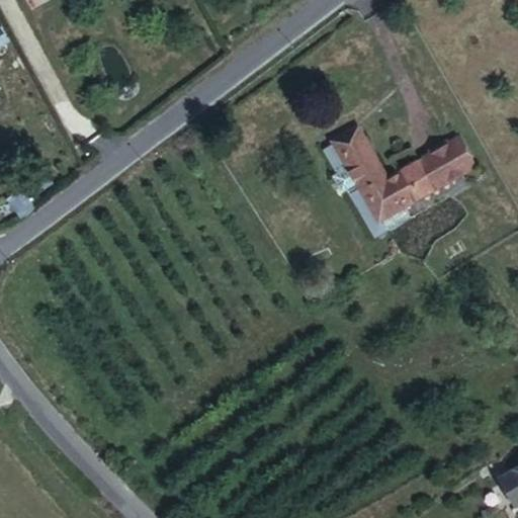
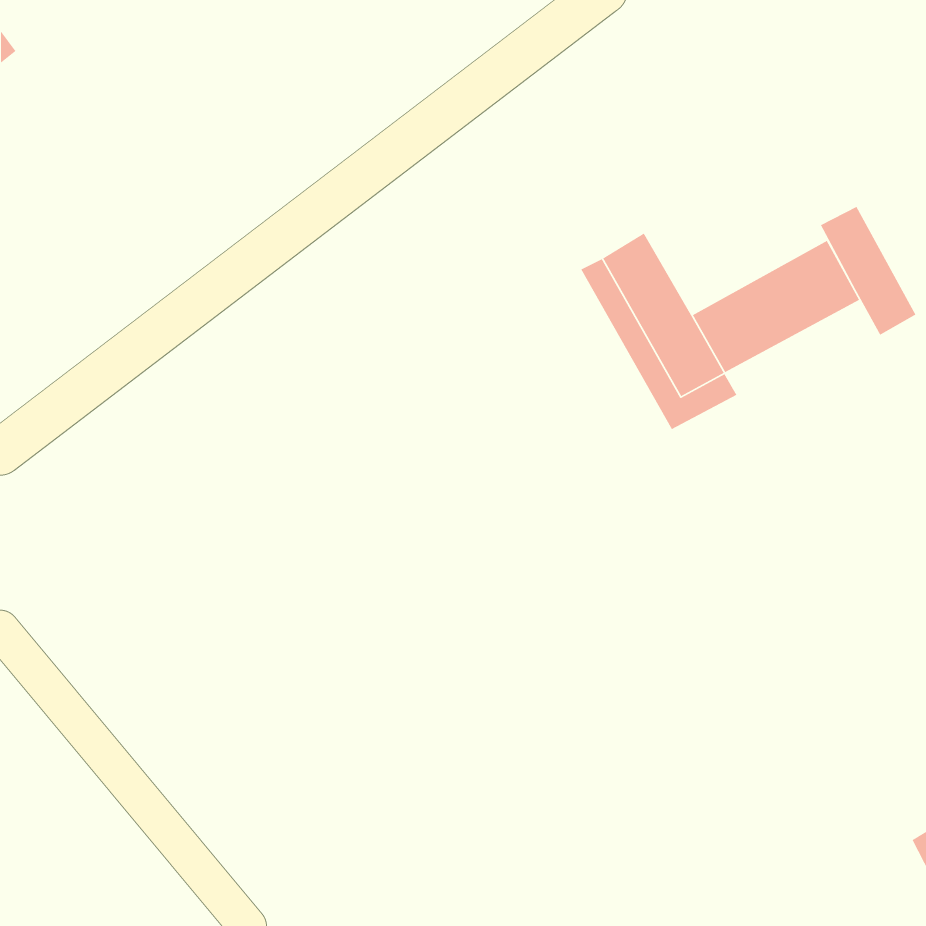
building: none -> [820,206,916,336]

